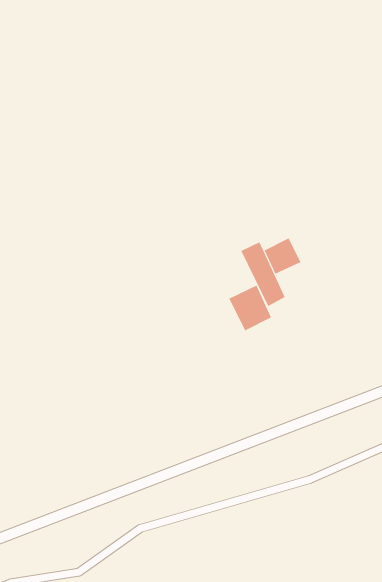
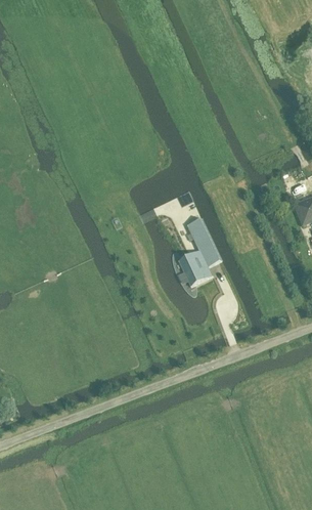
building: [264,238,301,275] -> none

